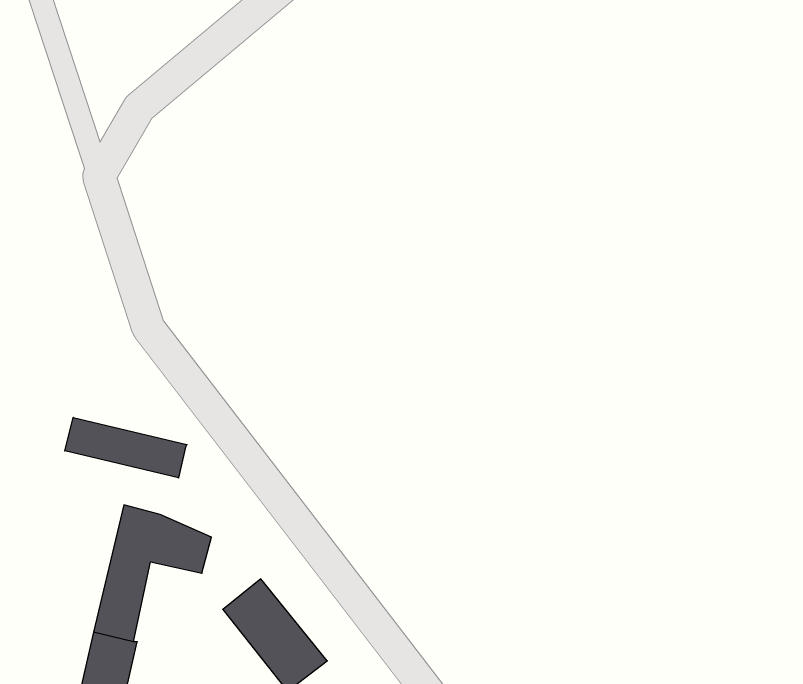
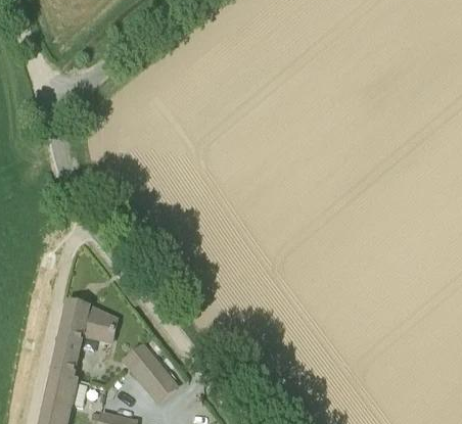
building: [65,417,187,478] -> none

